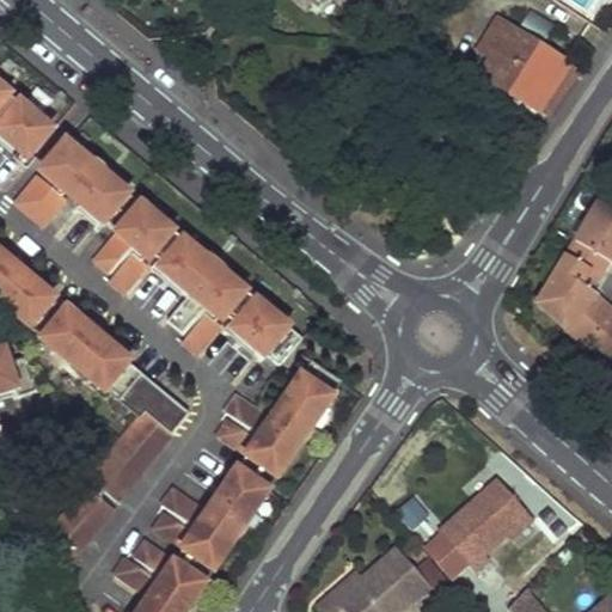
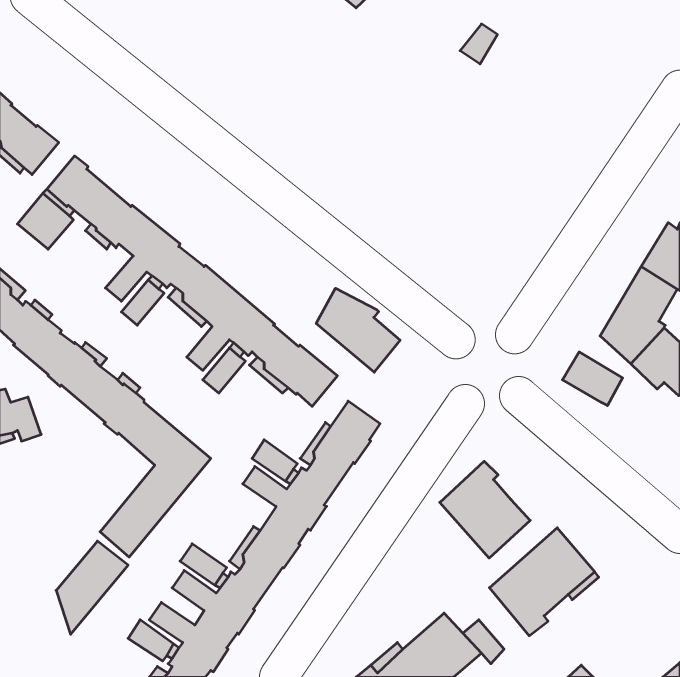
building: [469,17,580,115] -> none
building: none -> [316,288,400,372]
building: none -> [562,352,623,406]
building: none -> [440,461,530,558]

